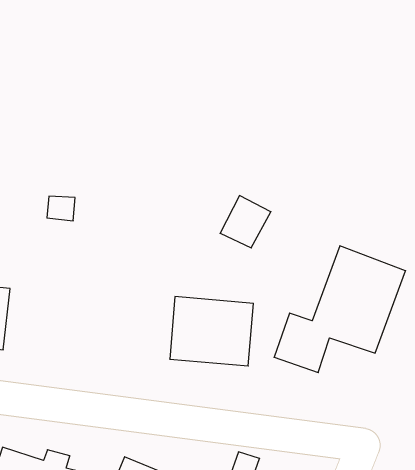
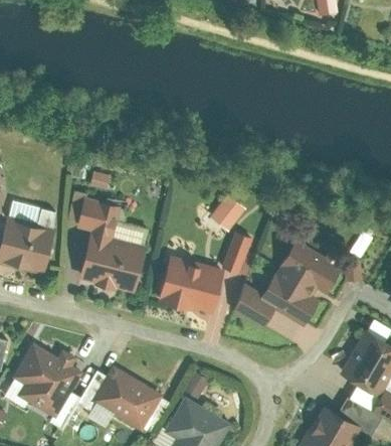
building: none -> [75,196,146,292]
building: none -> [223,232,252,273]

